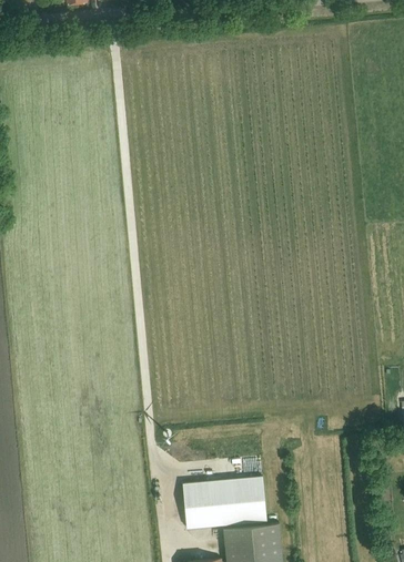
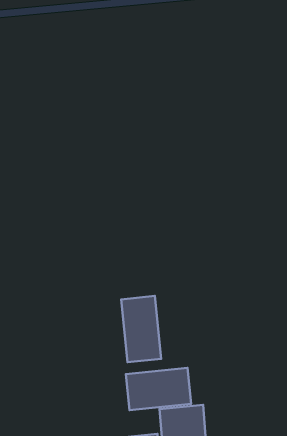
building: none -> [121,296,161,362]

